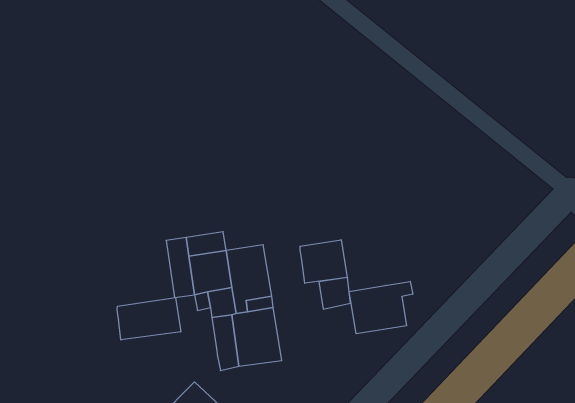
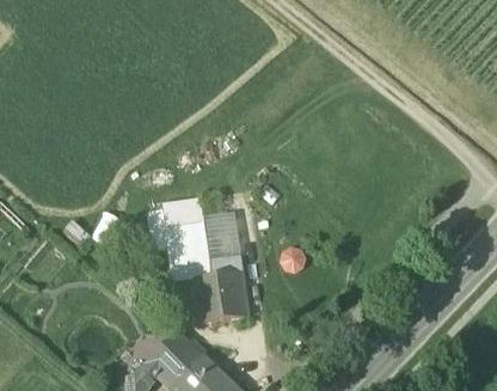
building: [300,240,347,283] -> none
building: [349,281,413,334] -> none
building: [117,297,181,340] -> none

